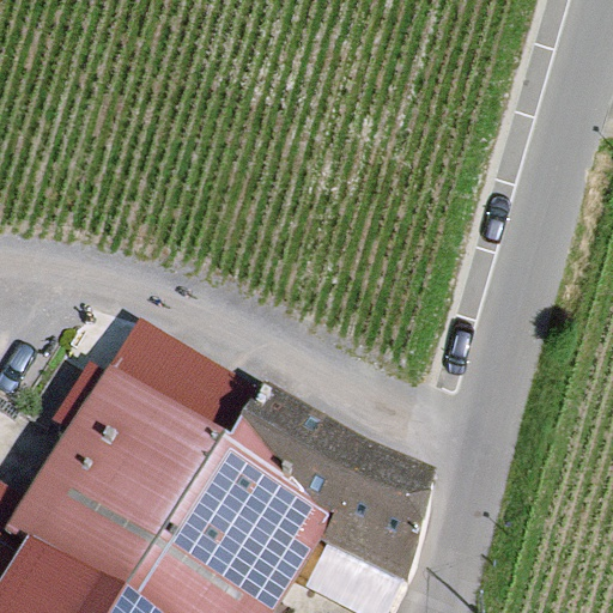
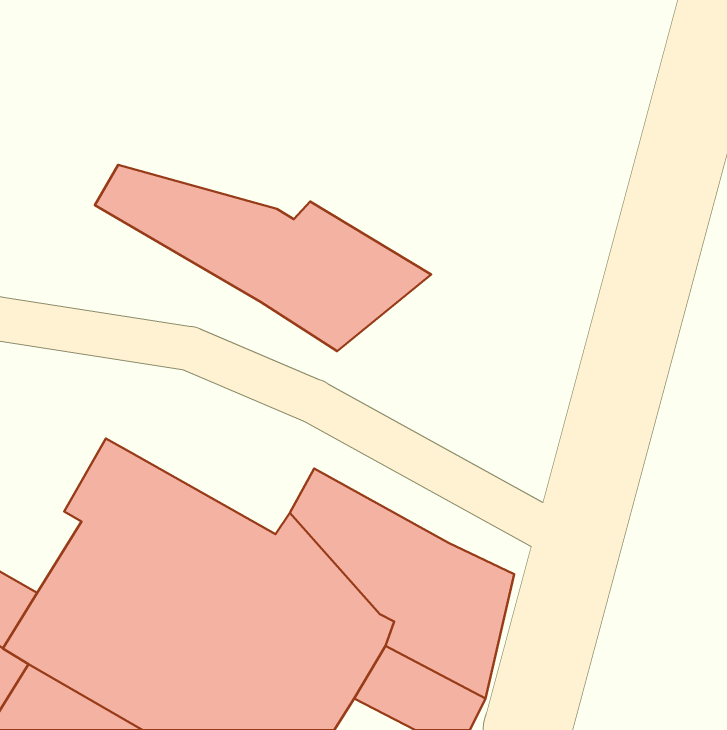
building: none -> [95,165,431,351]
building: [110,322,263,448] -> none

